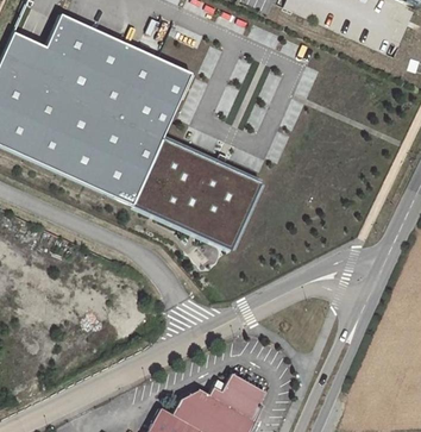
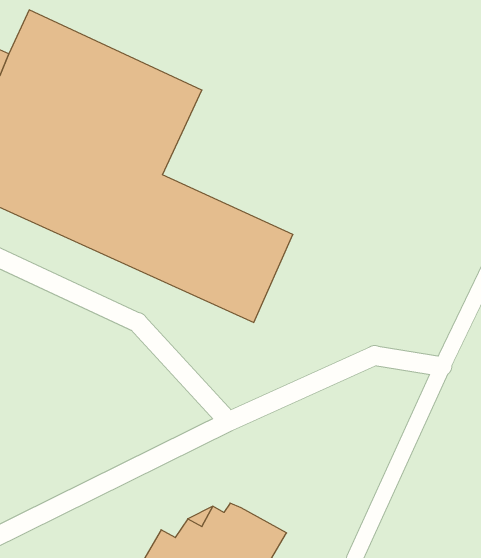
building: [220,374,264,409] -> none

